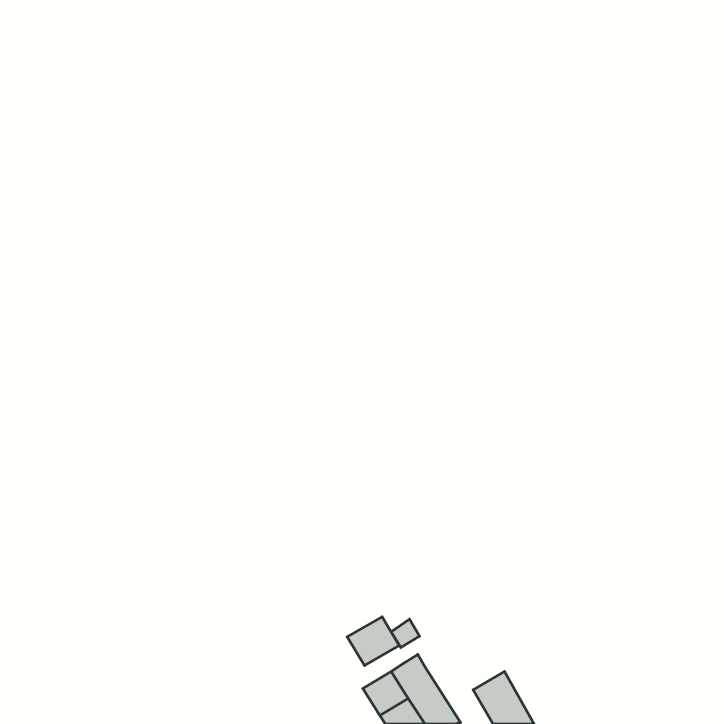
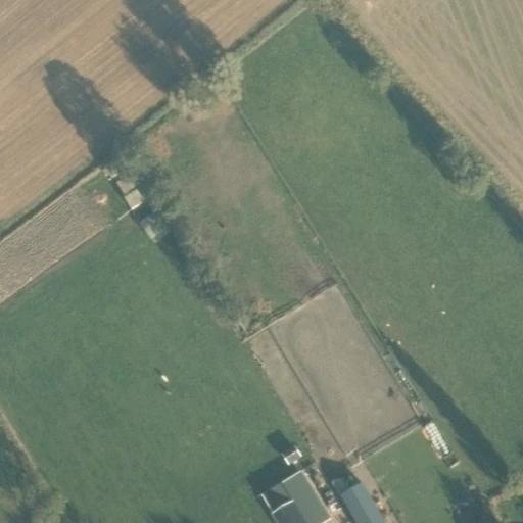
building: [347,617,399,666] -> none

